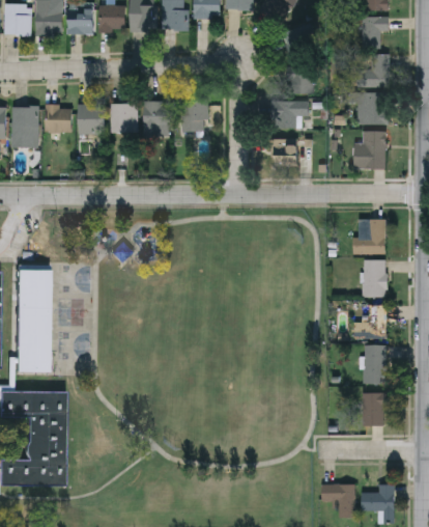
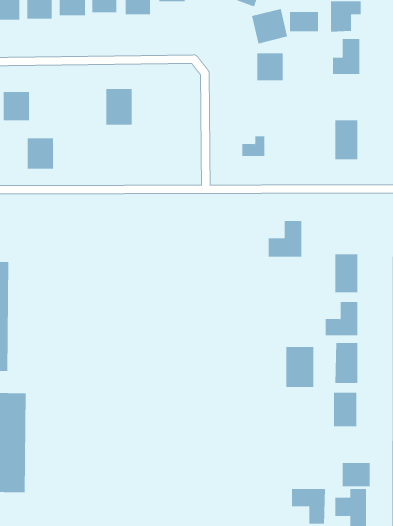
building: none -> [289,11,319,32]
building: [364,92,388,124] -> none
building: [181,99,206,131] -> none
building: [269,102,308,120] -> none
building: [78,103,104,133] -> [27,138,54,169]
building: [110,103,137,132] -> none
building: [352,219,385,254] -> [268,220,302,257]
building: none -> [286,346,314,388]
building: none -> [342,462,370,487]

